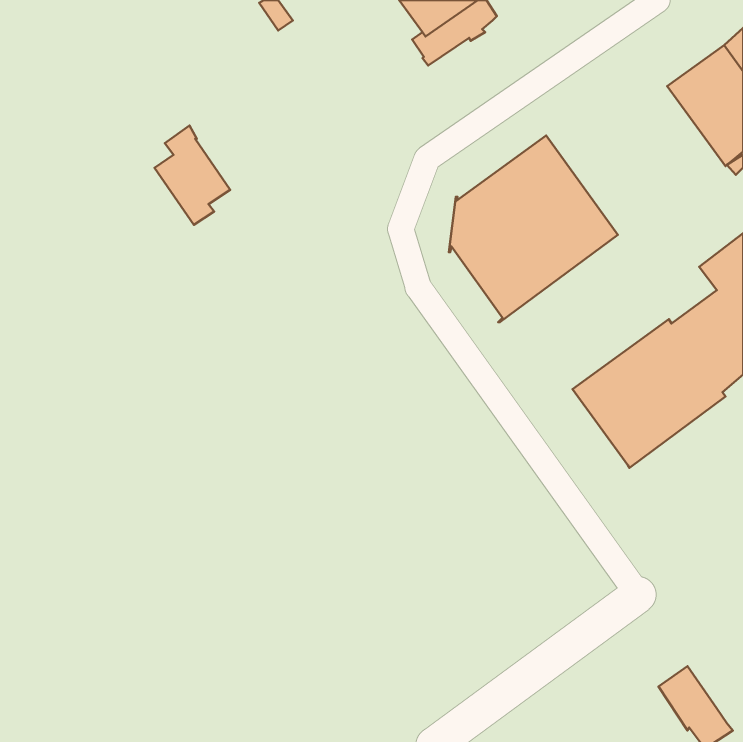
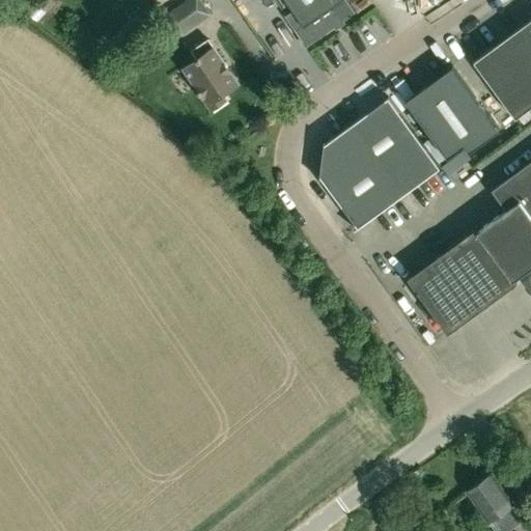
building: none -> [406,67,500,159]
building: [154,126,230,225] -> [184,39,237,110]

